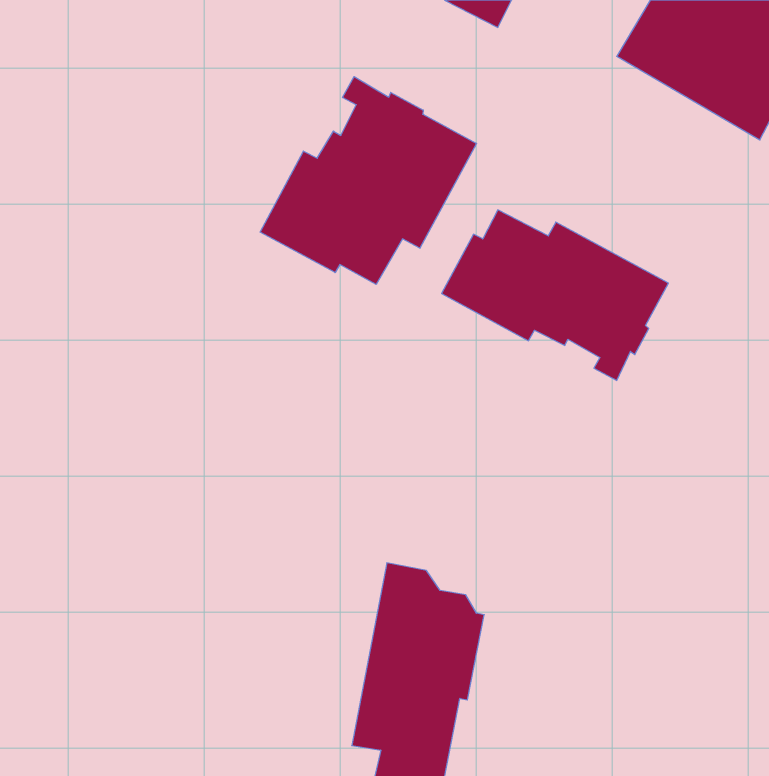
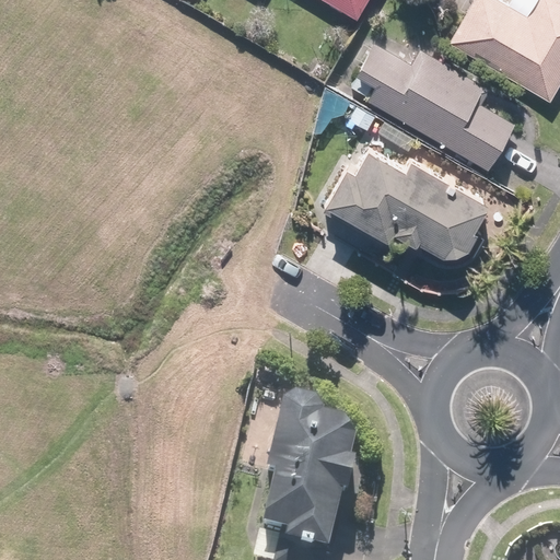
building: none -> [347,44,516,170]
building: [260,77,477,284] -> none

